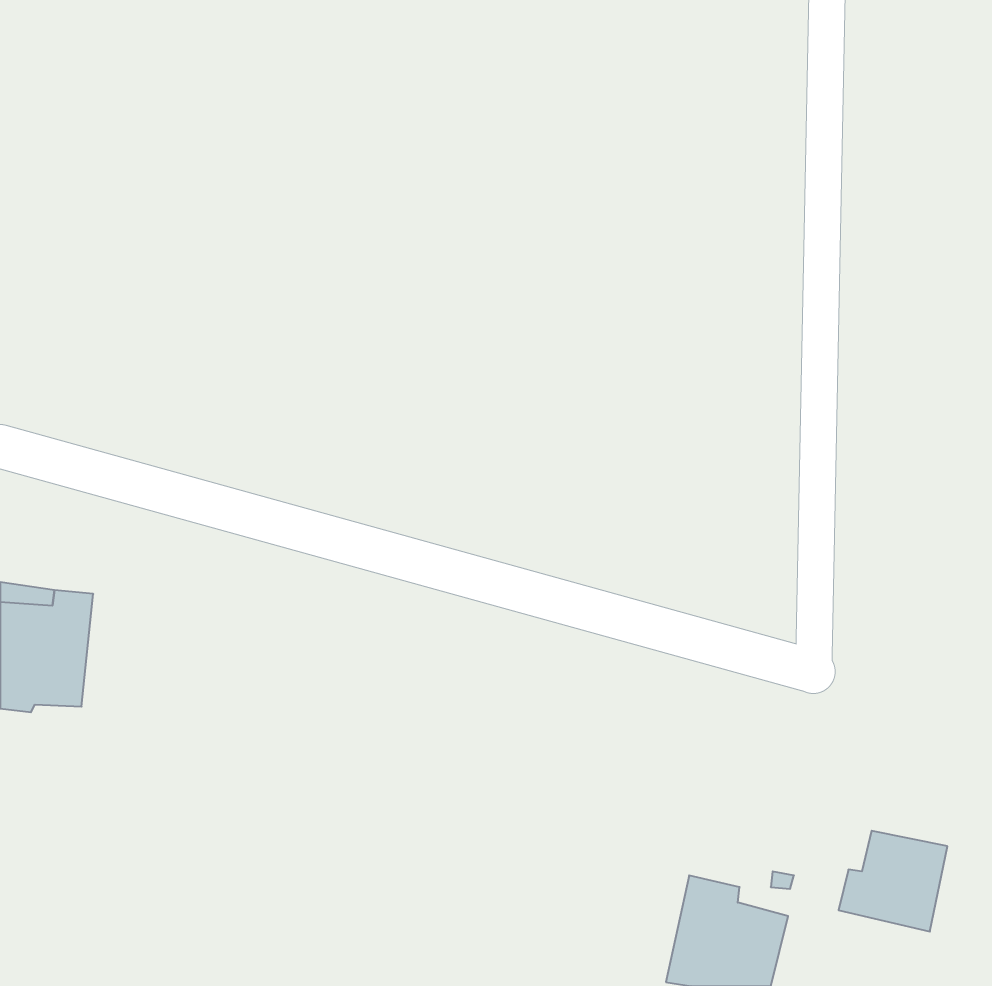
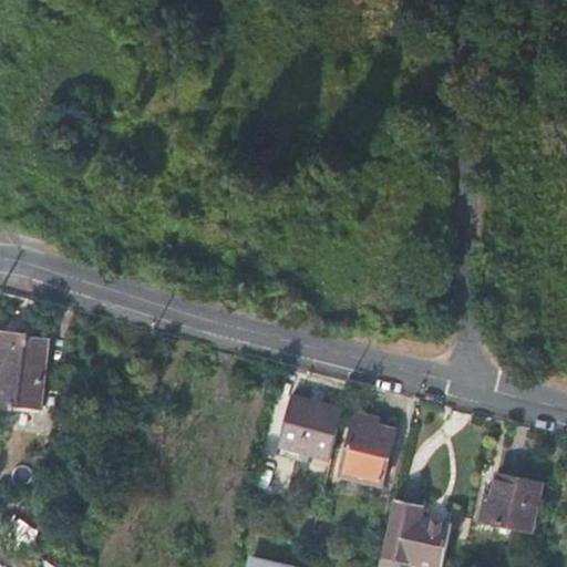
building: none -> [281,398,344,460]
building: none -> [336,417,391,486]

